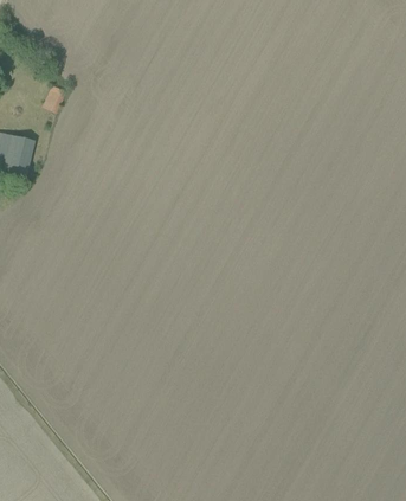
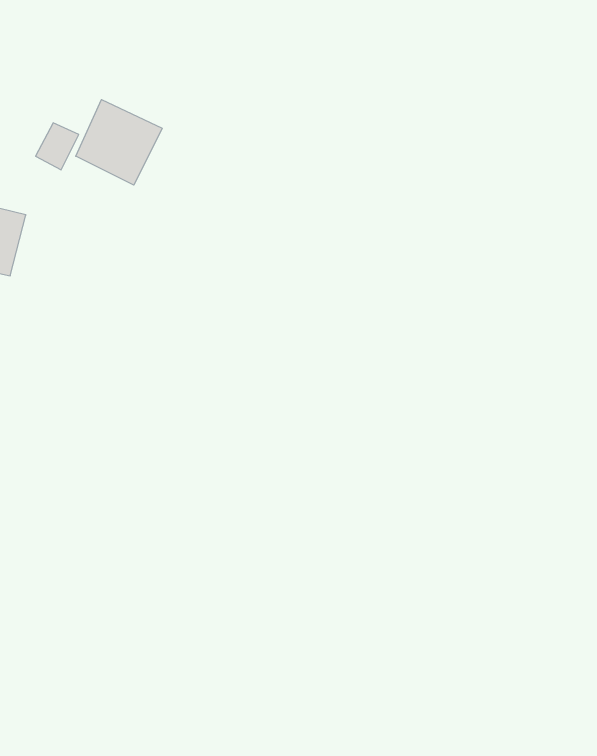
building: none -> [76,100,162,185]

